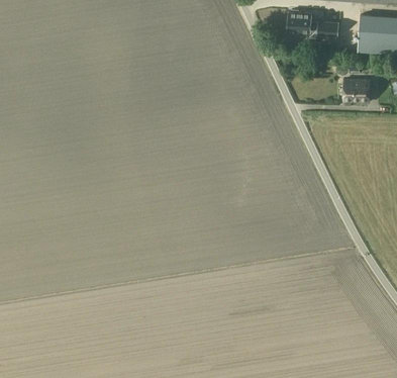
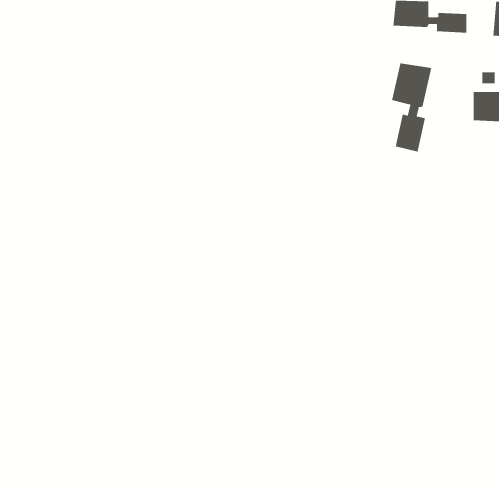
building: none -> [391,63,432,153]

